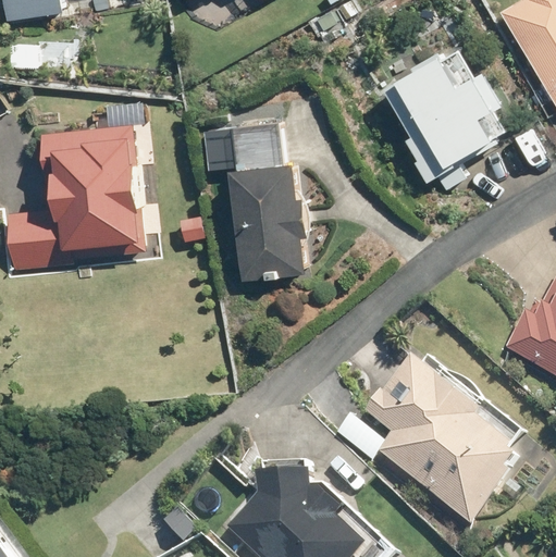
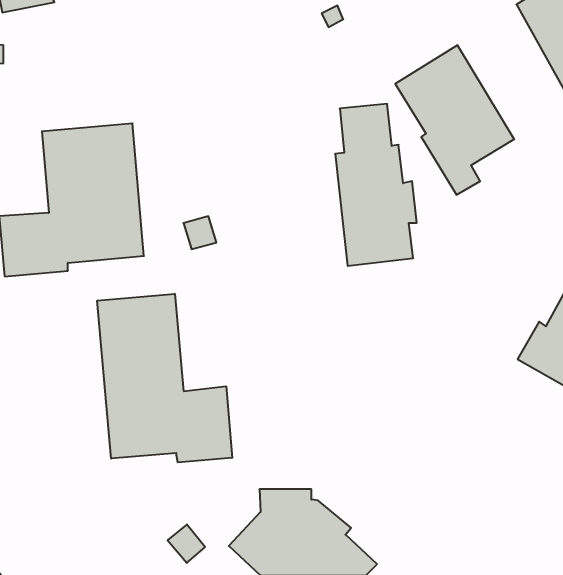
building: [231,122,309,277] -> [335,104,417,266]
building: none -> [97,294,232,462]
building: [365,357,514,525] -> none

